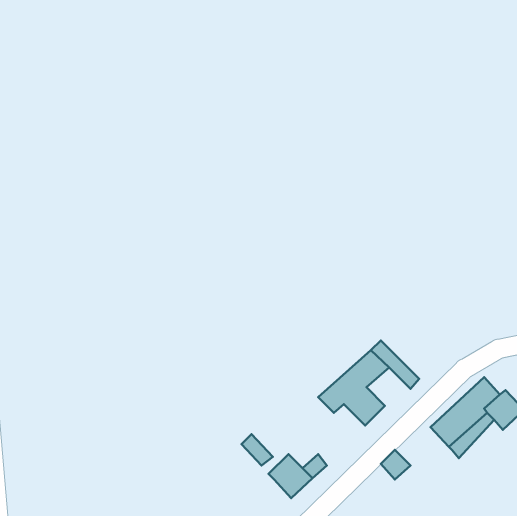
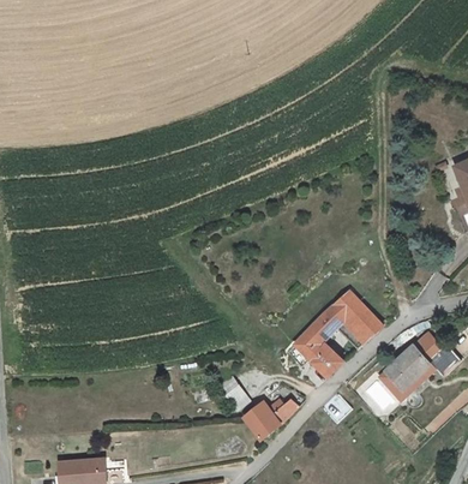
building: none -> [335,291,382,335]

